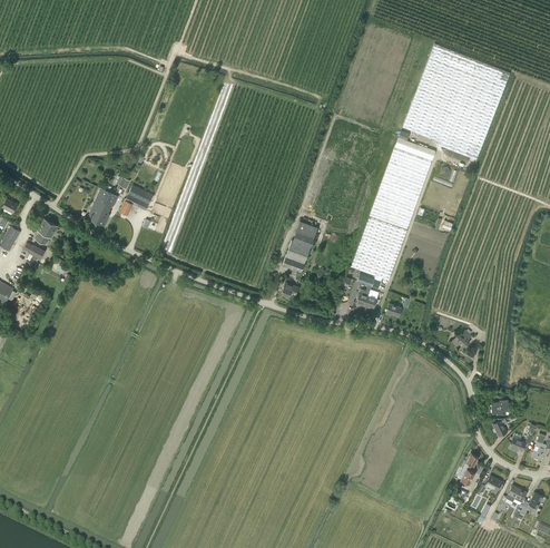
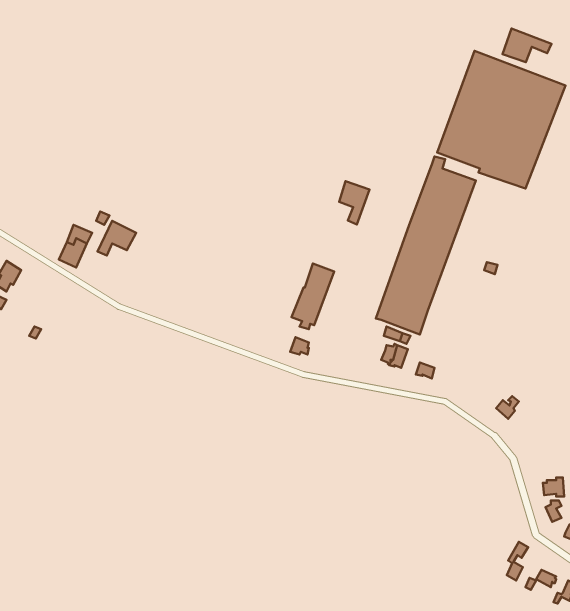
building: none -> [502,28,551,62]
building: none -> [339,181,369,224]

